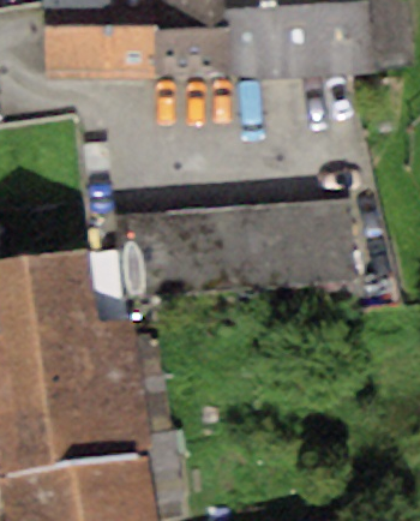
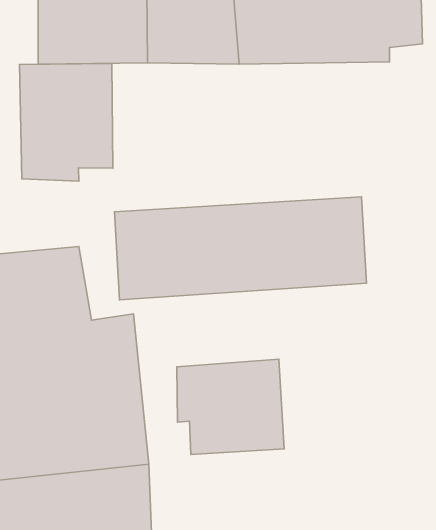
building: none -> [19,63,113,181]
building: none -> [177,359,284,455]

